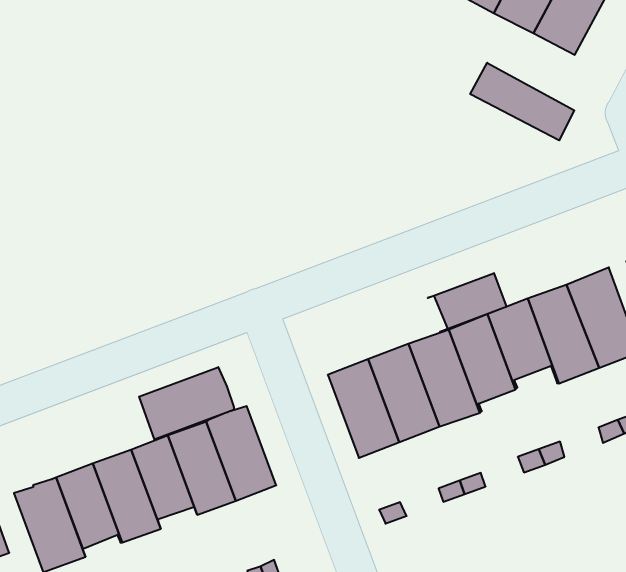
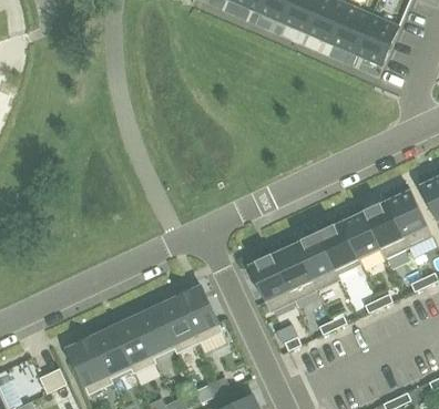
building: [470,63,574,140] -> none
building: [428,273,506,332] -> none
building: [139,367,234,439] -> none

